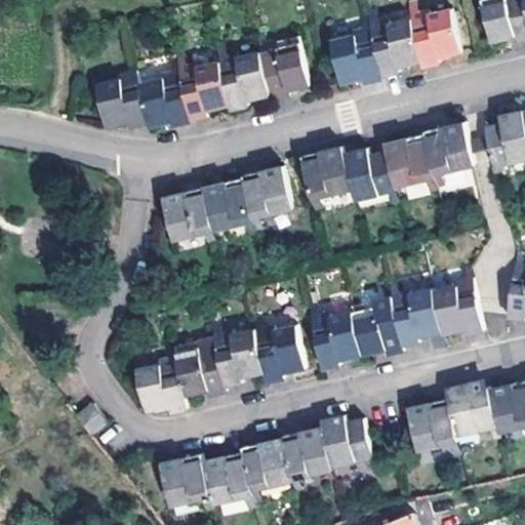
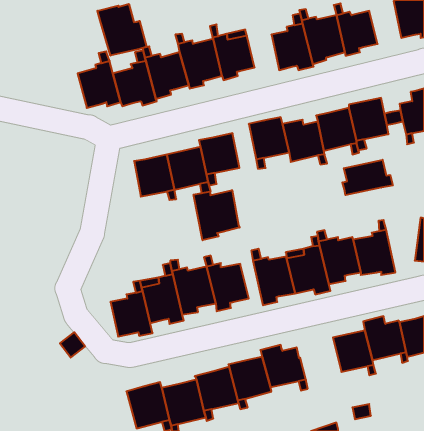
building: none -> [97,4,147,56]
building: none -> [342,160,393,195]
building: none -> [194,190,240,240]

